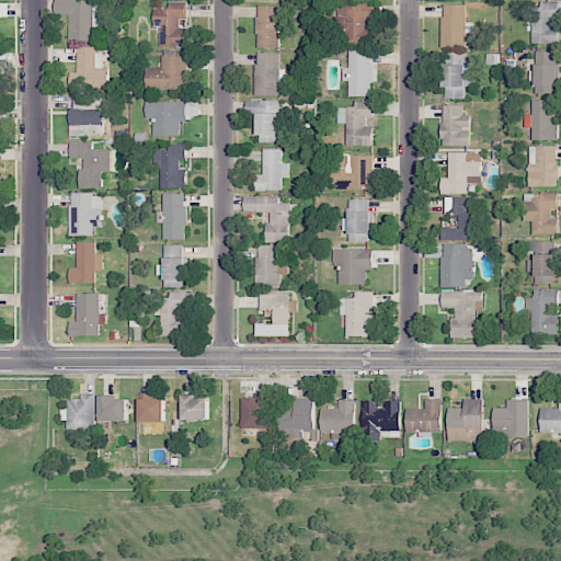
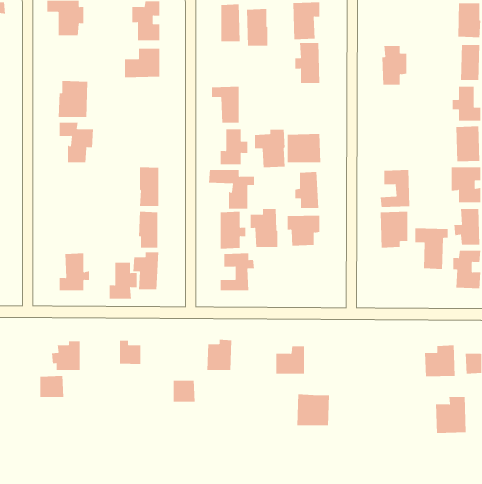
building: [439,4,470,47] -> none
building: [68,48,106,89] -> none
building: [253,51,278,95] -> [246,8,268,46]
building: [144,101,185,137] -> none
building: [335,101,371,146] -> [254,129,286,168]
building: [440,105,468,146] -> none
building: [153,144,185,187] -> none
building: [439,152,479,194] -> none
building: [68,194,101,236] -> none
building: [68,241,101,284] -> [109,262,137,299]
building: [440,290,480,339] -> [414,228,449,269]
building: [339,291,371,336] -> [250,209,278,247]
building: [99,396,127,421] -> [39,376,64,397]
building: [181,396,207,421] -> [173,380,195,402]
building: [278,398,312,438] -> none
building: [446,399,482,442] -> [435,396,466,433]
building: [360,400,399,437] -> [297,394,330,426]
building: [404,400,439,432] -> none

